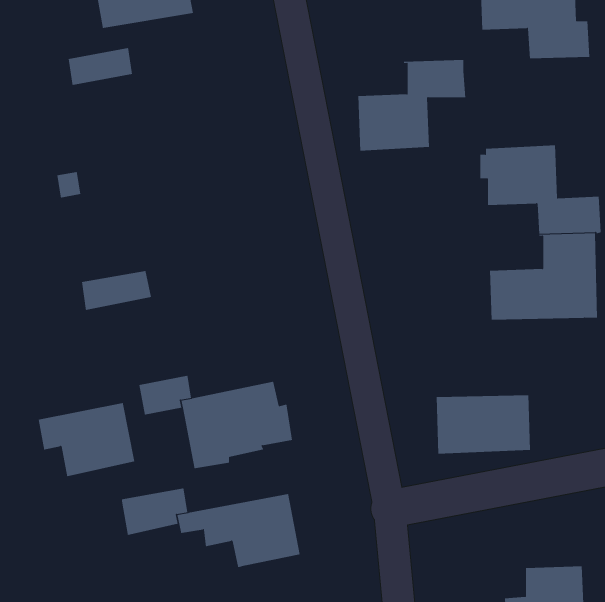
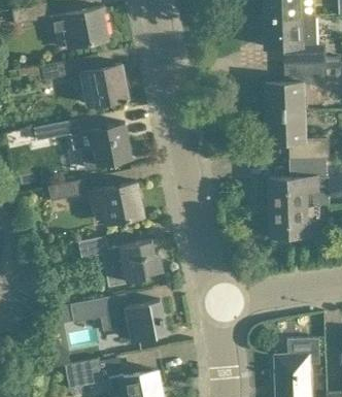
building: none -> [81,64,131,106]
building: [357,60,466,151] -> [266,64,324,113]
building: none -> [70,123,132,171]
building: [436,395,531,454] -> [270,205,321,237]
building: [38,403,135,477] -> [91,183,143,223]

